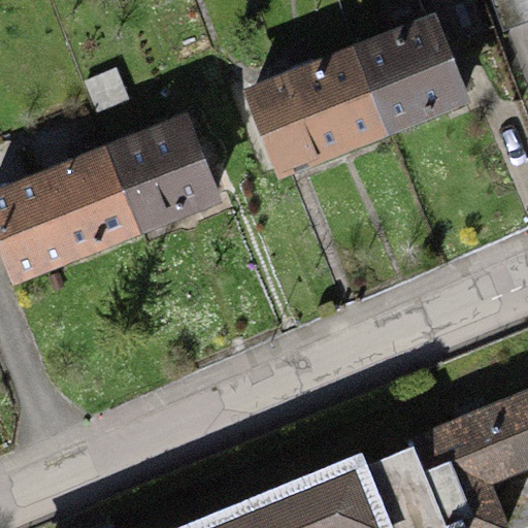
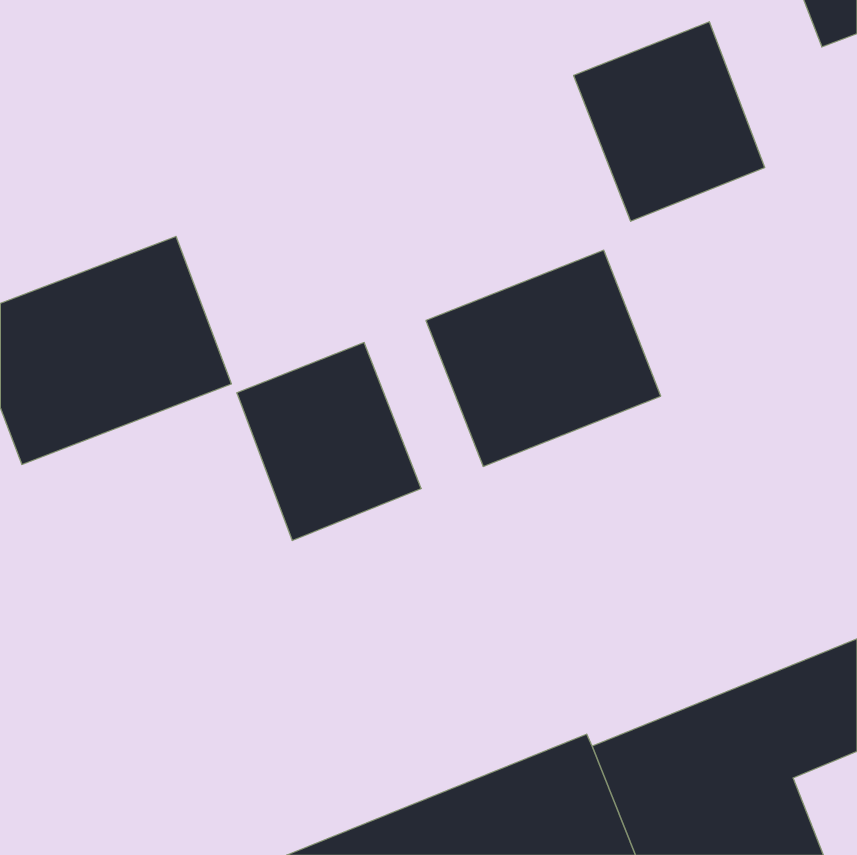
building: [243,46,388,179] -> [426,250,661,466]
building: [108,114,222,236] -> [237,343,421,540]

